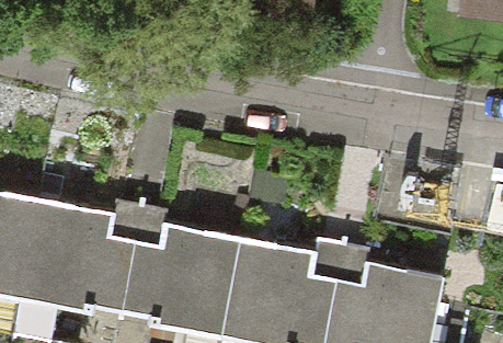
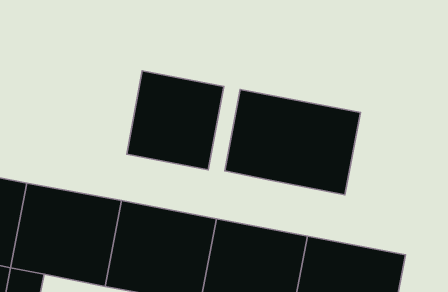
building: none -> [127,71,224,170]
building: none -> [225,89,361,195]

